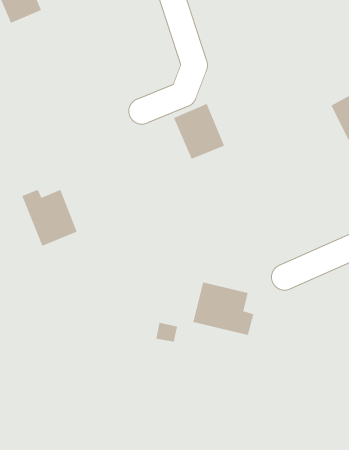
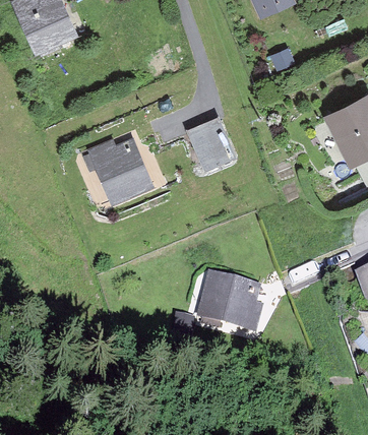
building: [21,189,78,246] -> [96,141,146,193]

